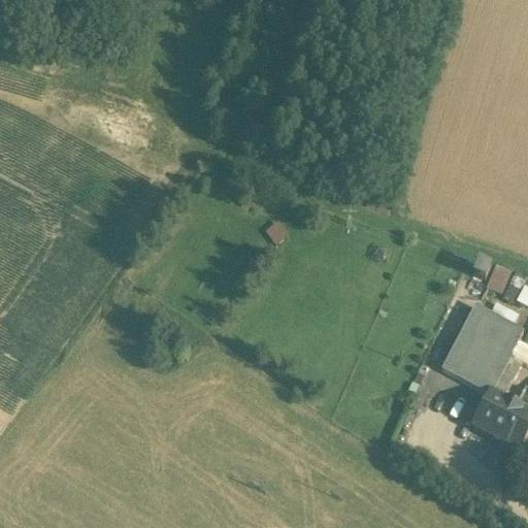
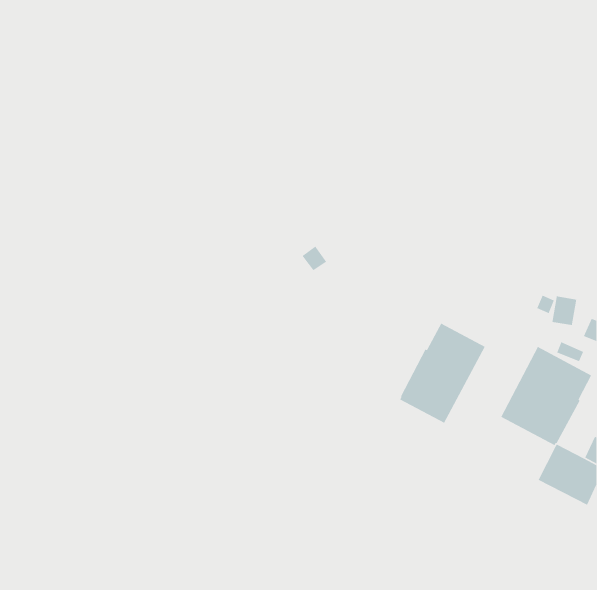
building: none -> [399,322,486,424]

